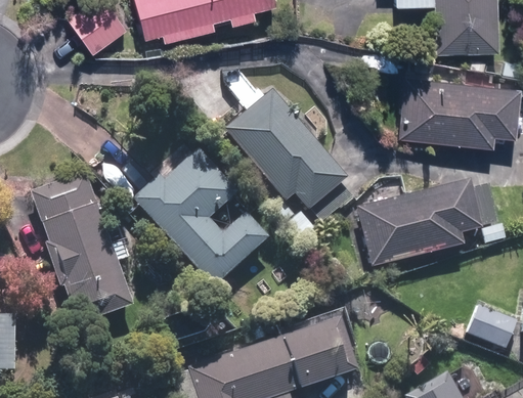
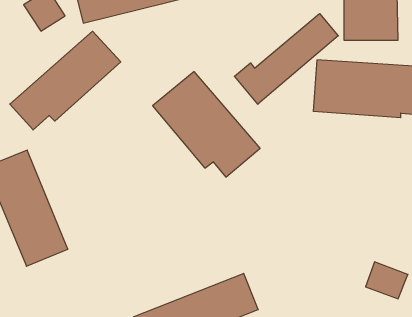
building: none -> [234,14,338,104]
building: none -> [10,31,121,130]
building: [134,151,267,286] -> none
building: [359,181,475,256] -> none

